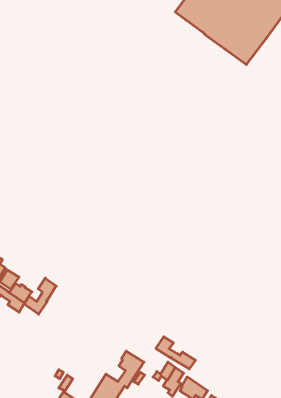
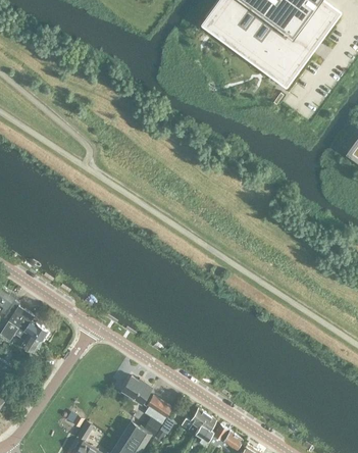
building: [24,278,56,314] -> none
building: none -> [122,379,152,406]
building: [156,337,195,369] -> none

